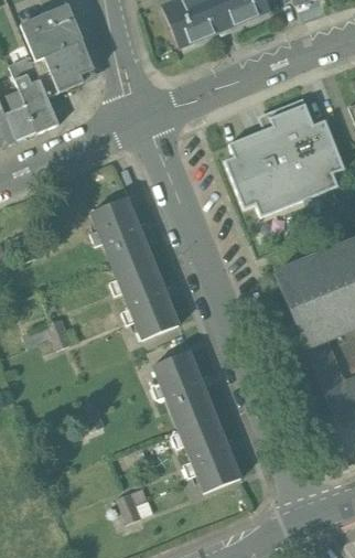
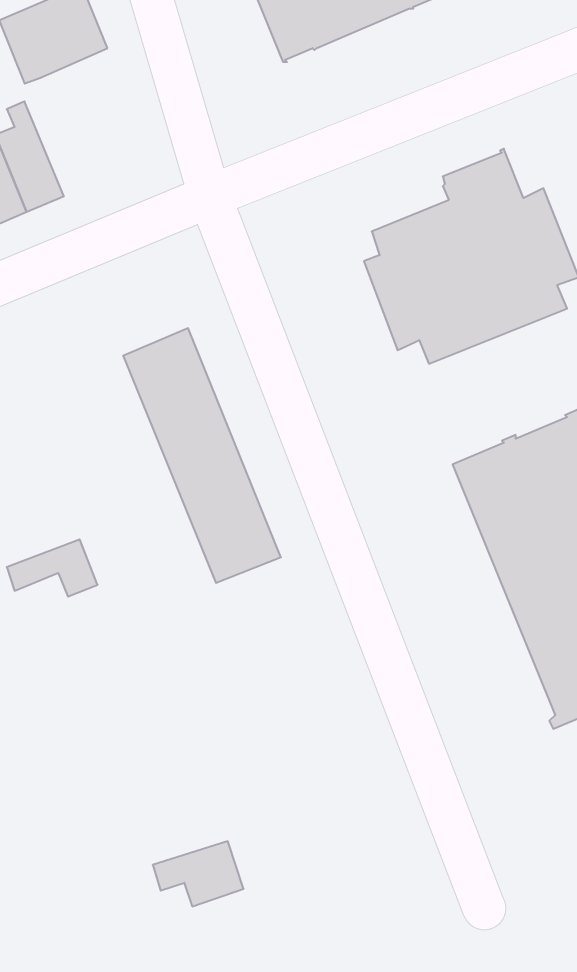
building: [44,40,94,92] -> none
building: [152,348,240,491] -> none

